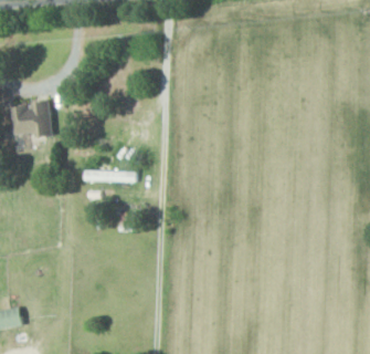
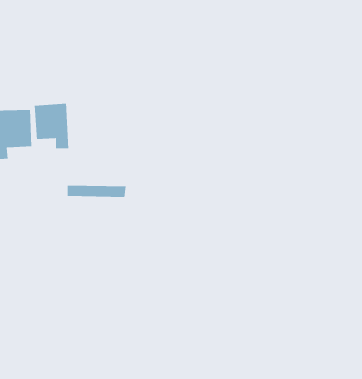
building: none -> [34,103,69,149]

